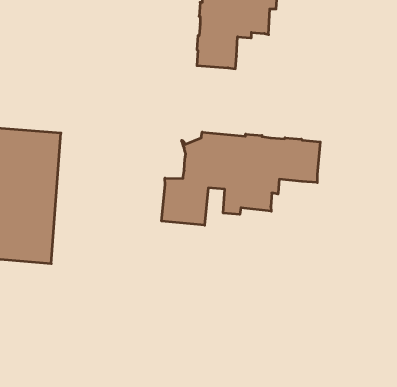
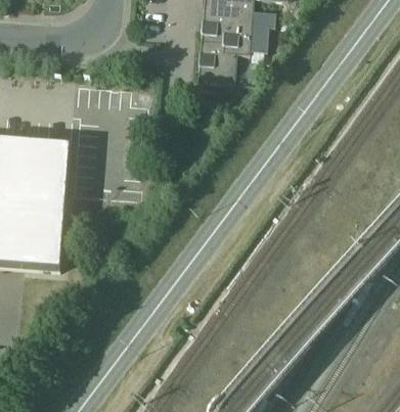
building: [162,132,320,225] -> none

